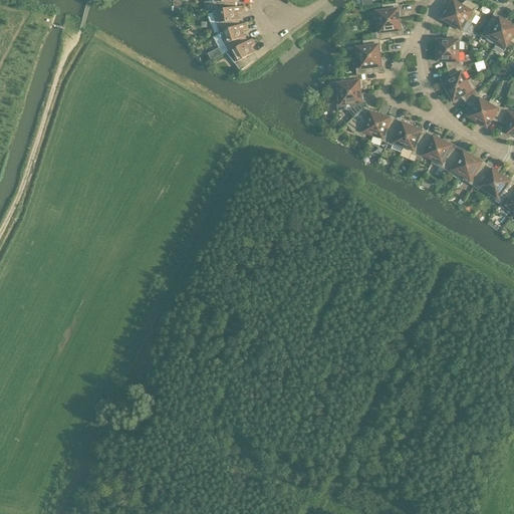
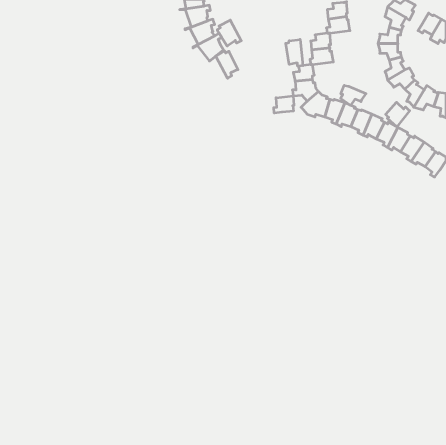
building: none -> [217,20,241,46]
building: none -> [286,39,303,66]
building: none -> [216,51,238,78]
building: none -> [341,85,366,105]
building: none -> [274,96,294,113]
building: none -> [386,102,410,127]

